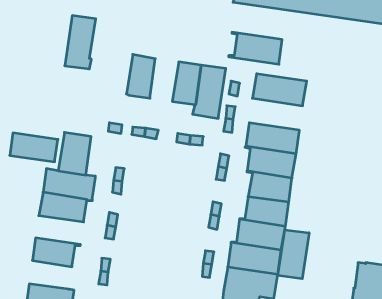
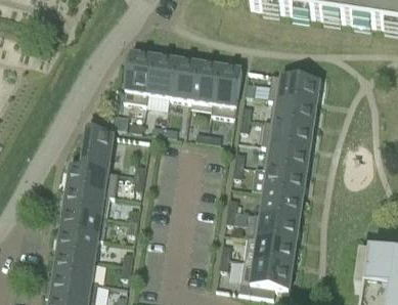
building: [65,16,96,69] -> [124,50,153,101]
building: [229,32,282,64] -> [265,95,316,126]
building: none -> [170,57,197,98]
building: [10,133,58,162] -> [60,208,106,235]
building: [278,230,309,279] -> none
building: none -> [54,251,95,278]

